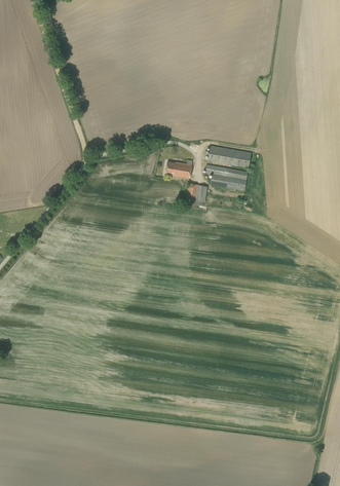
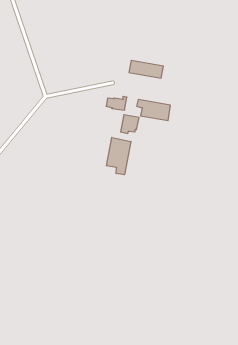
building: [206,146,251,169] -> [129,60,163,78]
building: none -> [106,137,131,175]

